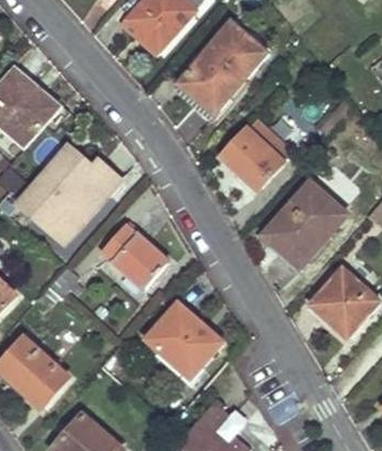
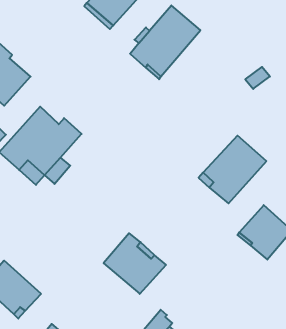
building: [220,118,291,189] -> none
building: [101,224,167,288] -> none

